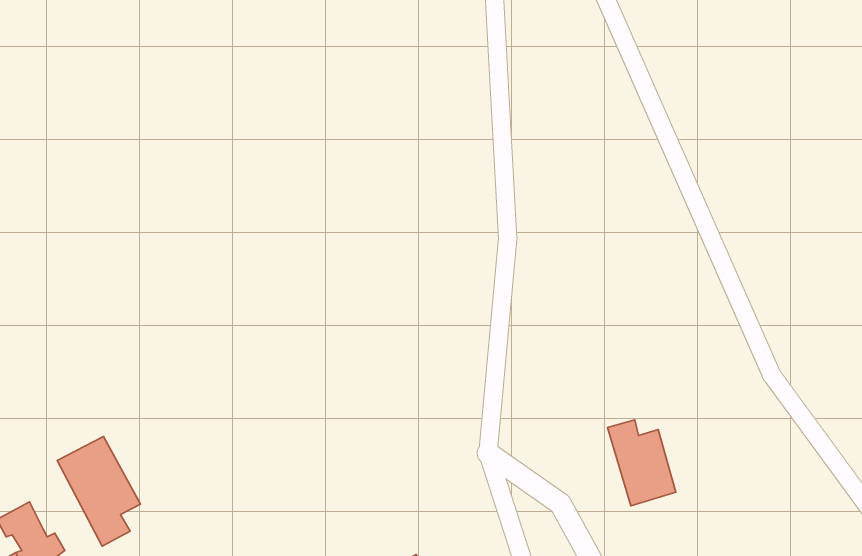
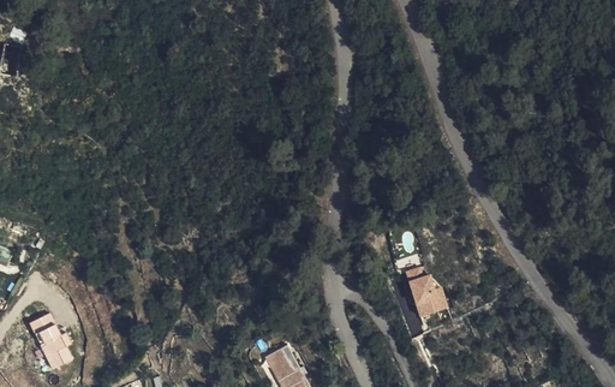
building: [57,437,141,546] -> none

